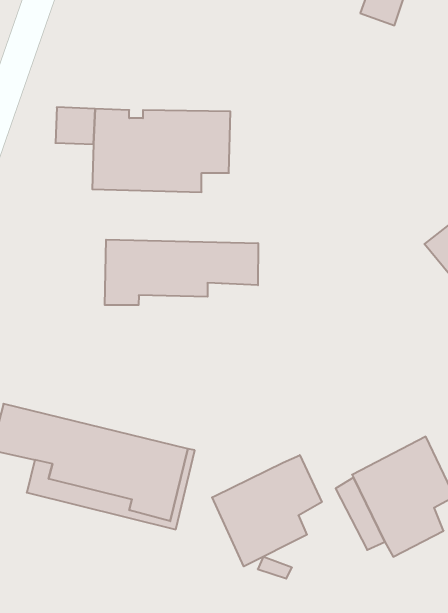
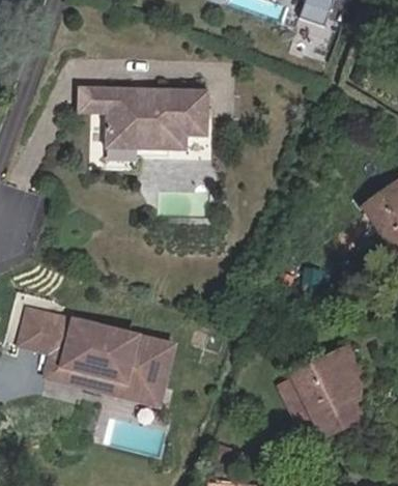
building: [105,240,258,305] -> none
building: [212,455,322,566] -> none

